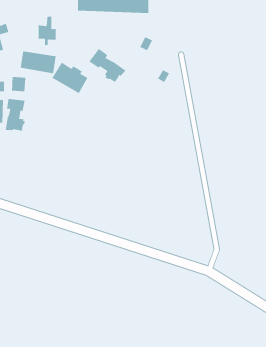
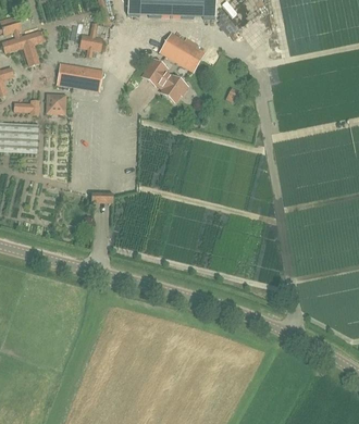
building: [52,62,88,94] -> [160,32,205,71]
building: [5,98,26,131] -> none

